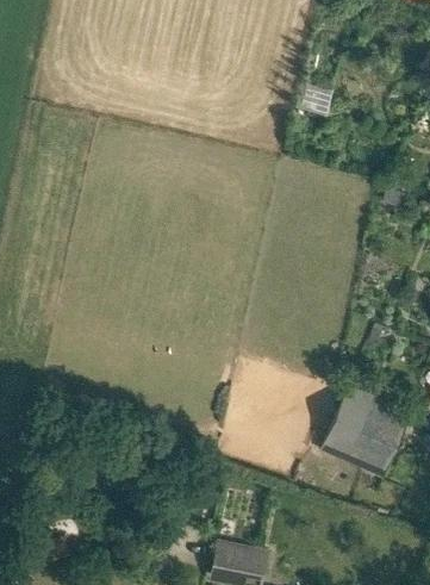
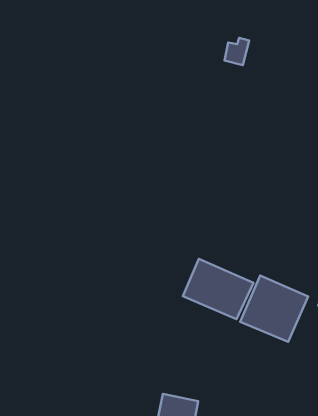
building: none -> [183,259,253,319]

